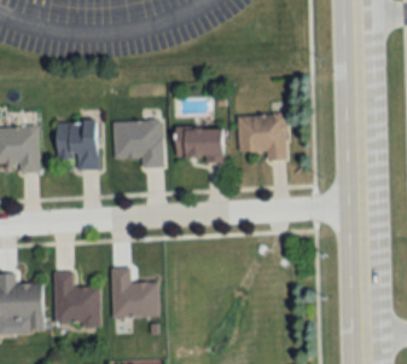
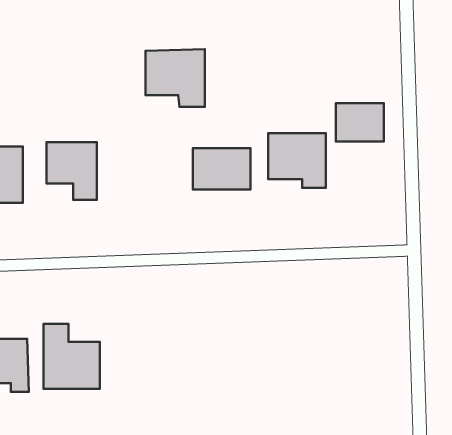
building: none -> [336,103,384,142]
building: [114,121,162,168] -> [146,49,205,107]
building: [111,268,158,317] -> none

